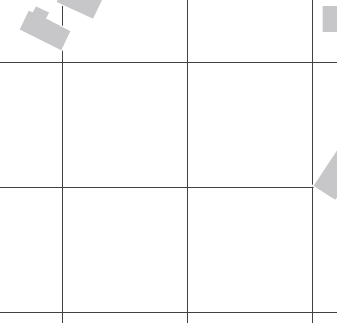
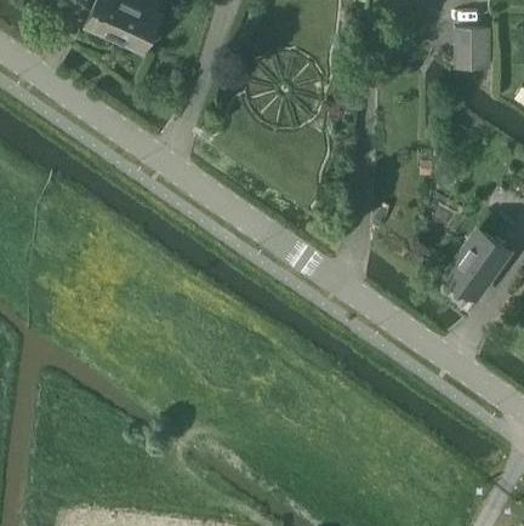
building: [19,6,71,51] -> none

